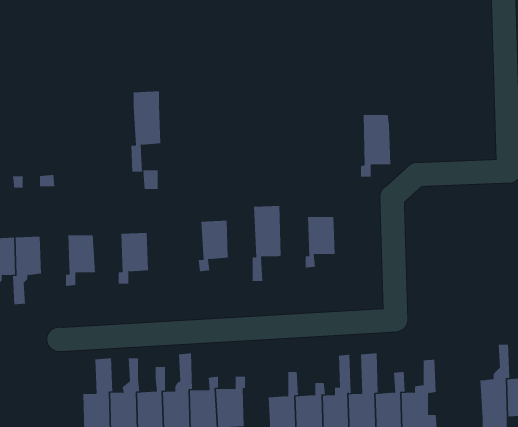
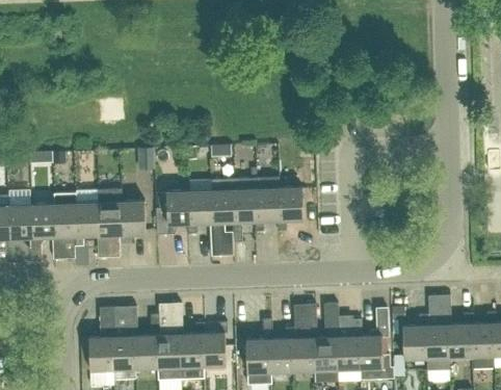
building: [130,91,161,172] -> [97,189,123,258]
building: [360,115,391,177] -> [255,178,281,231]
building: none -> [210,179,236,256]
building: none -> [155,191,191,235]
building: none -> [52,192,78,260]
building: none -> [402,315,429,359]

